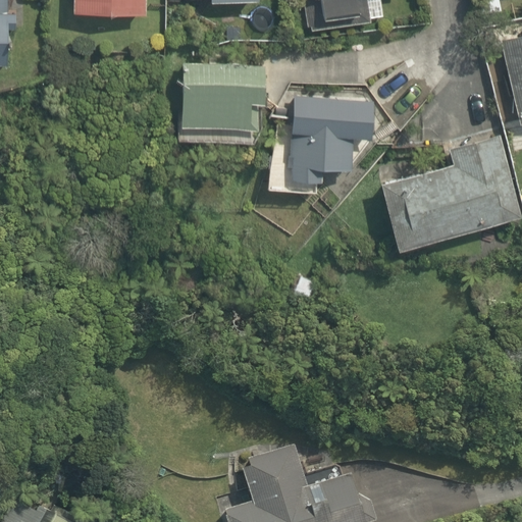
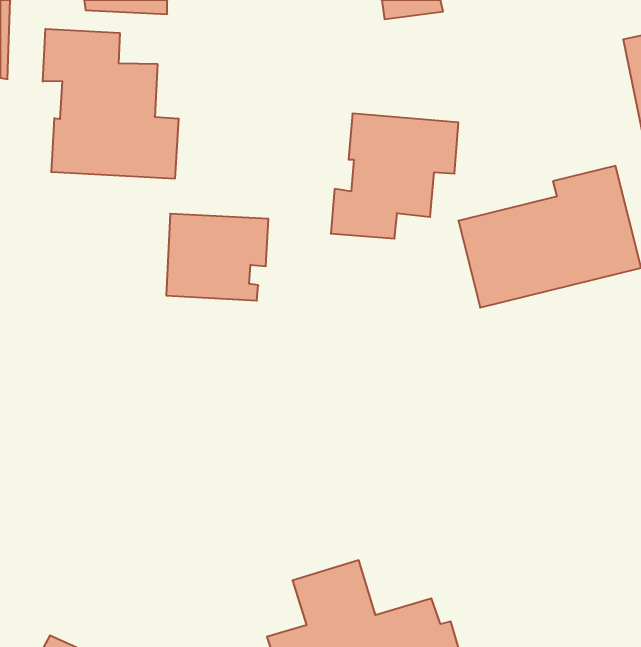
building: none -> [43,29,178,179]
building: [184,64,265,134] -> [166,214,268,301]

